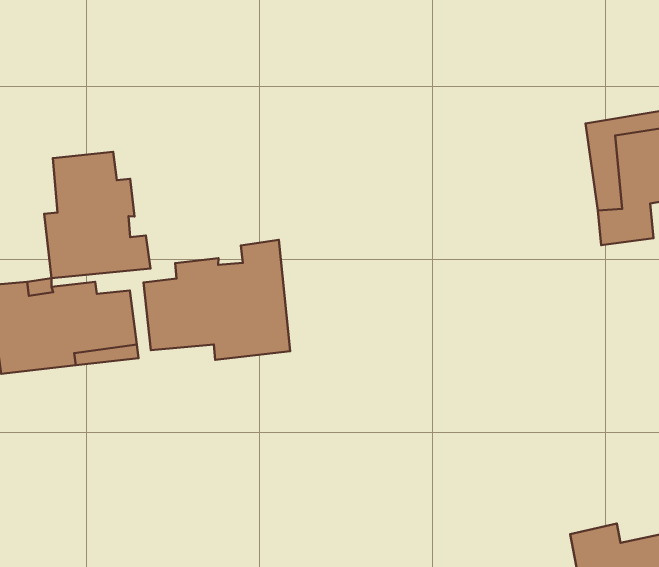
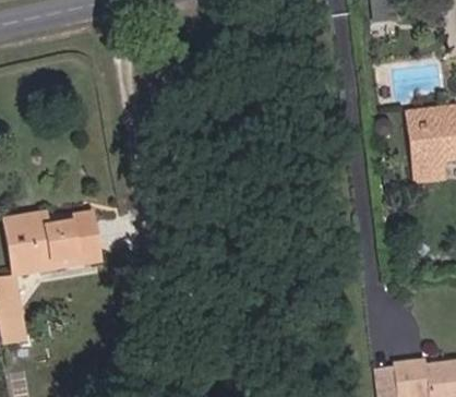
building: [44,152,151,278] -> none
building: [144,240,290,360] -> none

